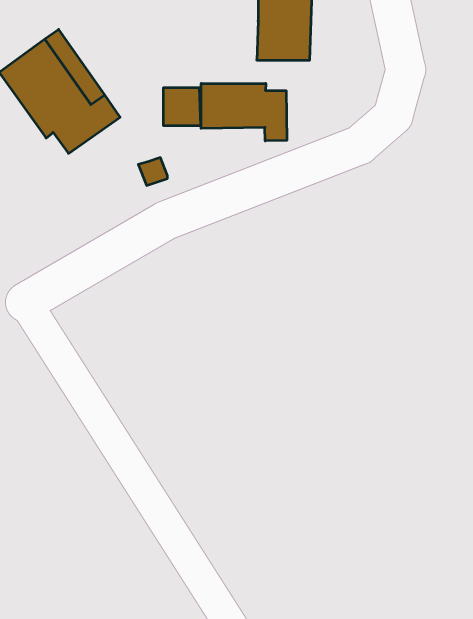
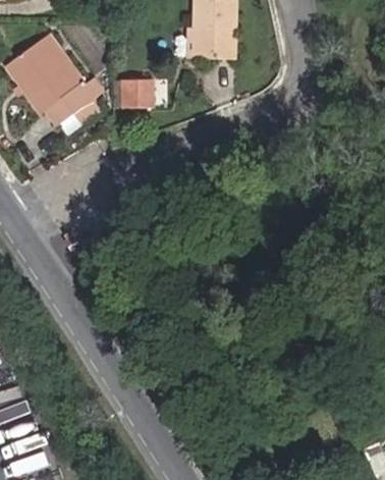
building: [201,83,287,141] -> none

